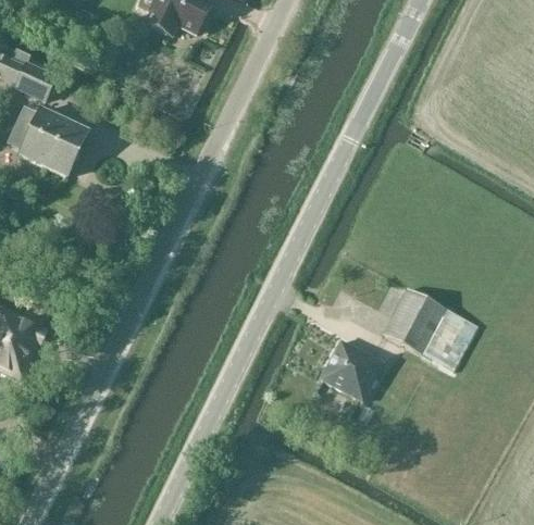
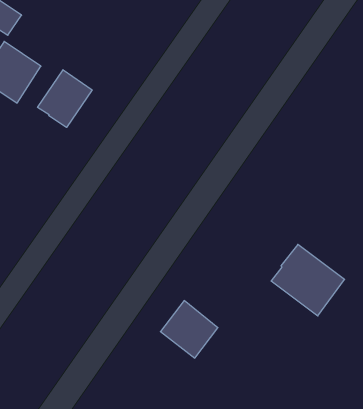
building: none -> [38,70,92,127]
building: [318,338,382,401] -> [160,301,218,358]

